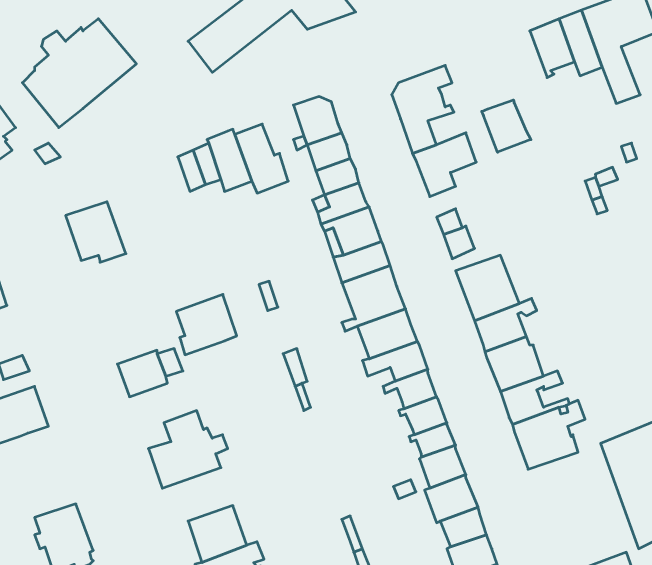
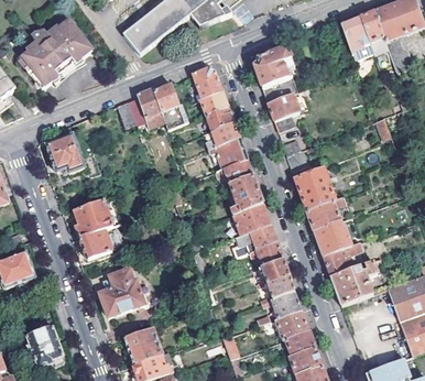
building: [482,100,531,152] -> none
building: [176,294,237,355] -> [74,198,112,237]

